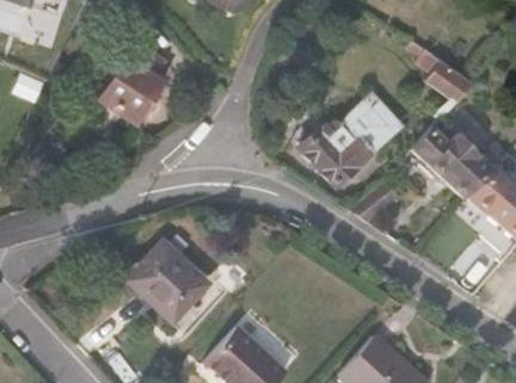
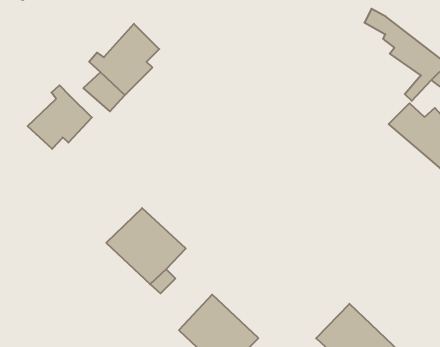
building: [302,98,394,183] -> none
building: none -> [28,85,92,149]

